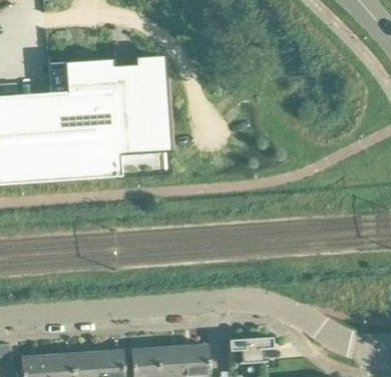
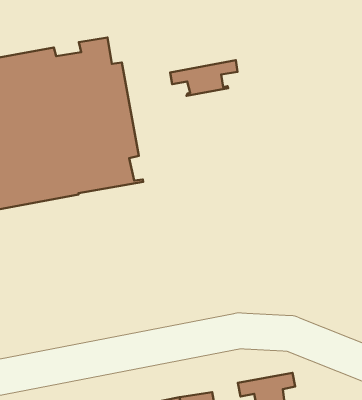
building: none -> [170,60,238,96]

